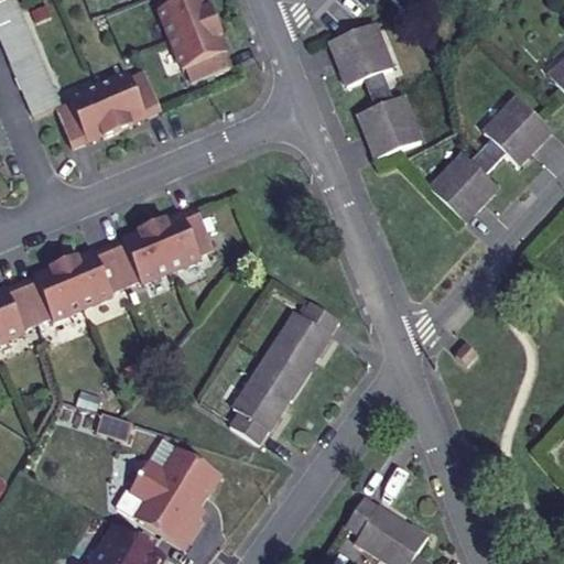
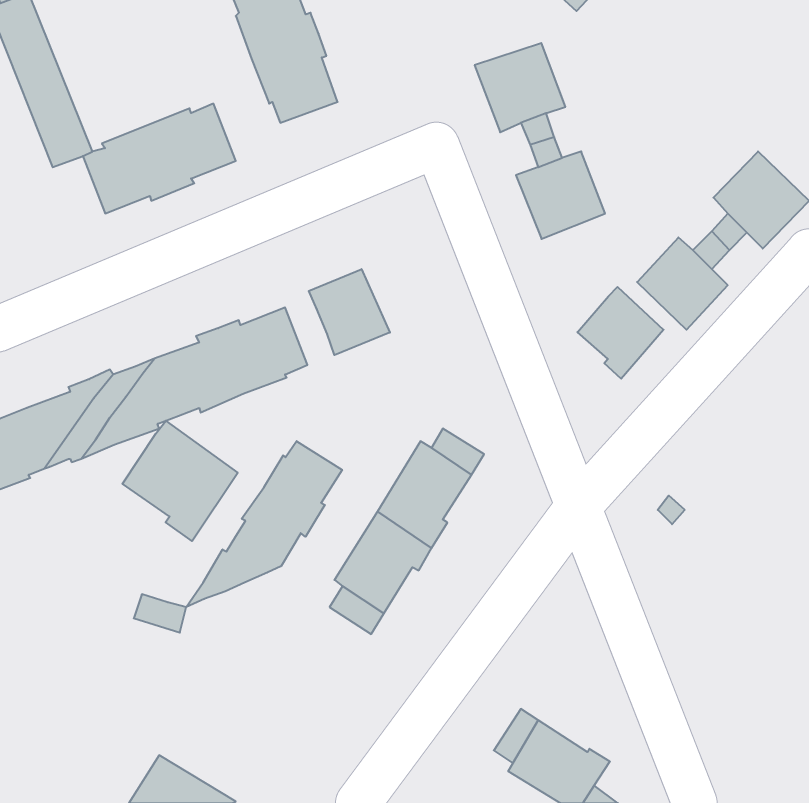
building: none -> [309,269,390,355]
building: none -> [577,287,664,379]
building: none -> [122,421,238,541]
building: none -> [186,441,342,607]
building: [112,444,218,545] -> none

